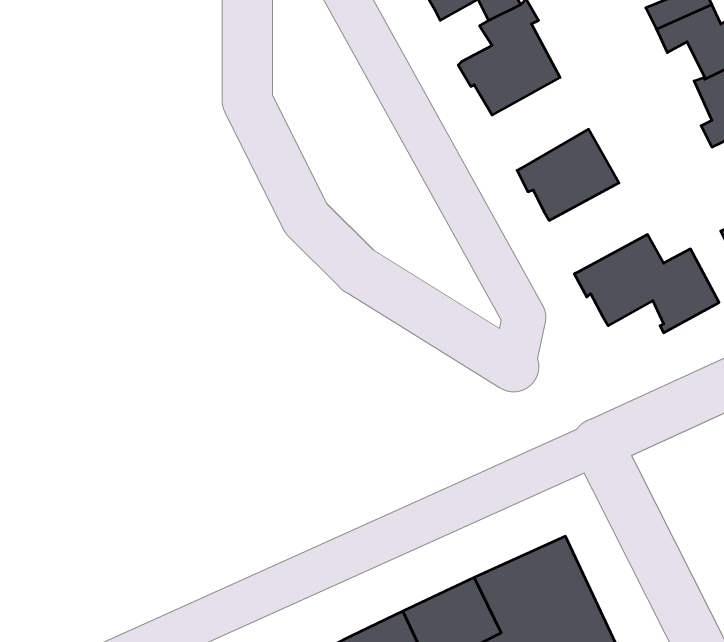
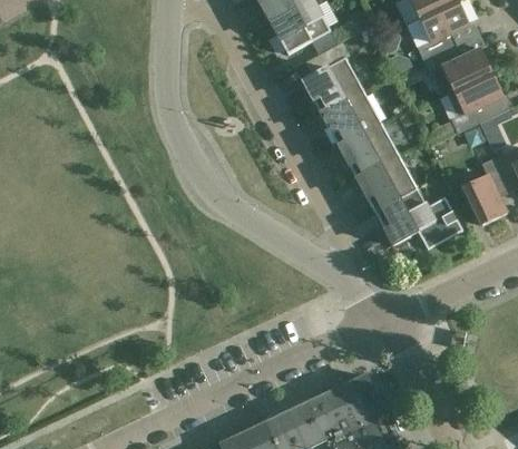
building: none -> [317,89,380,146]
building: none -> [353,155,417,211]

